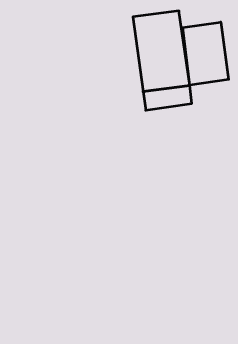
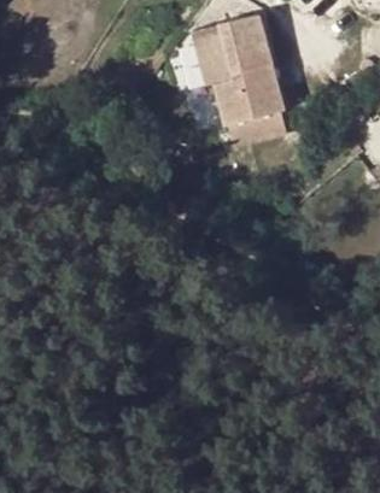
building: [183,22,229,85] -> none

